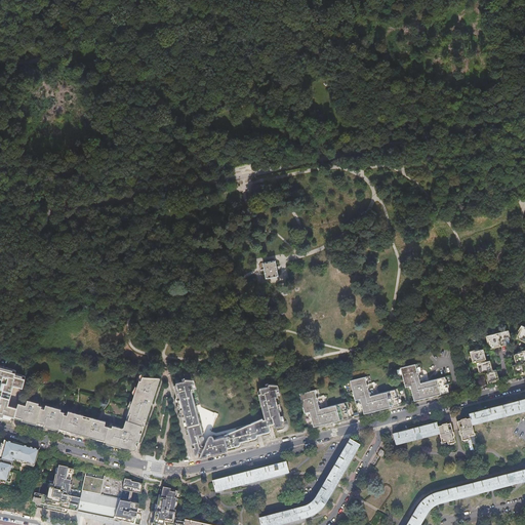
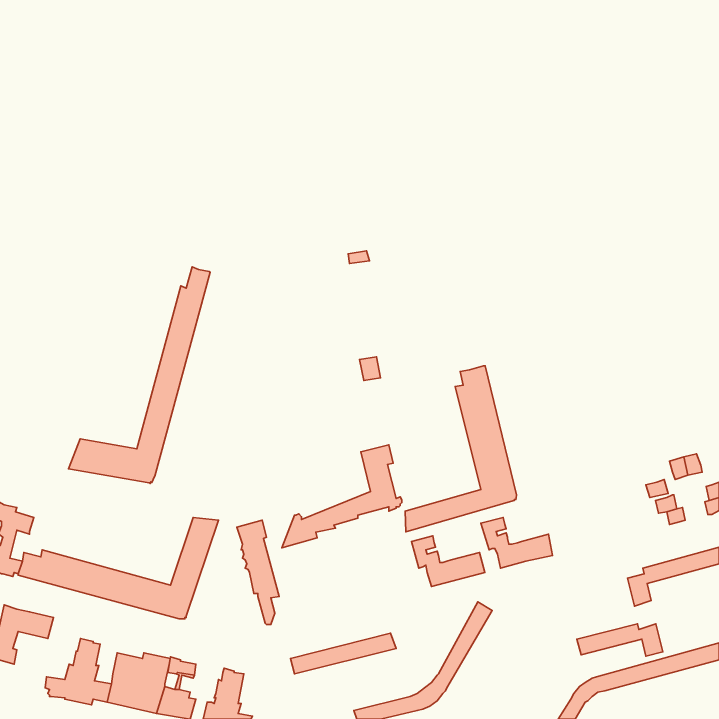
building: none -> [69,267,210,483]
building: none -> [405,366,517,532]
building: [400,364,449,401] -> none
building: [199,383,286,458] -> [282,445,402,548]
building: [392,421,454,445] -> [577,624,663,656]

